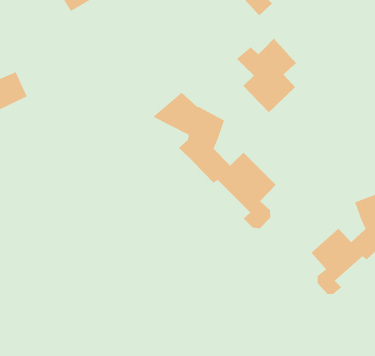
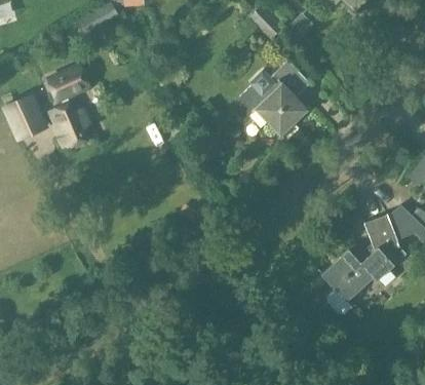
building: none -> [46,63,94,150]
building: [152,92,276,229] -> none

